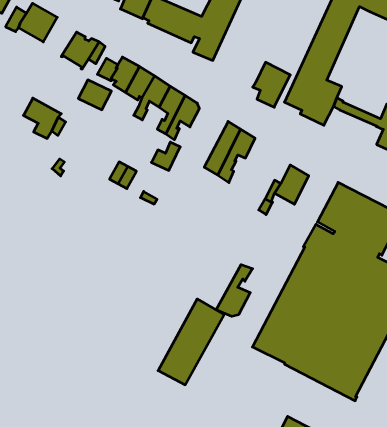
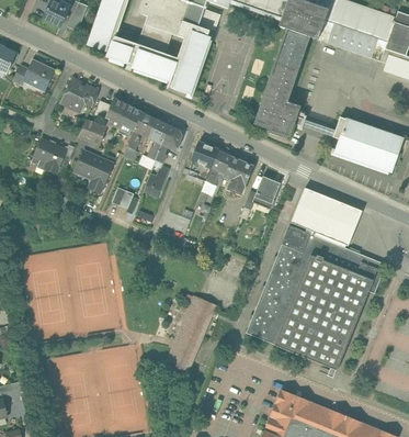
building: [253,62,290,107] -> [223,156,253,193]
building: none -> [76,150,112,191]
building: [216,265,253,316] -> none

